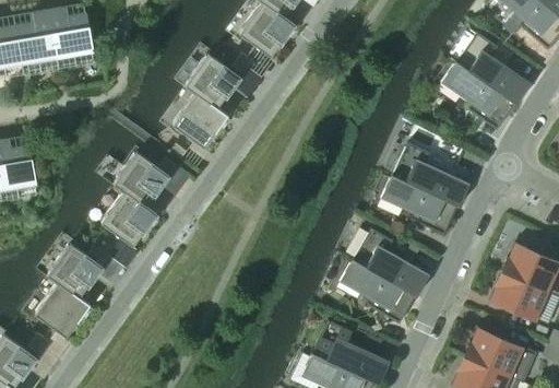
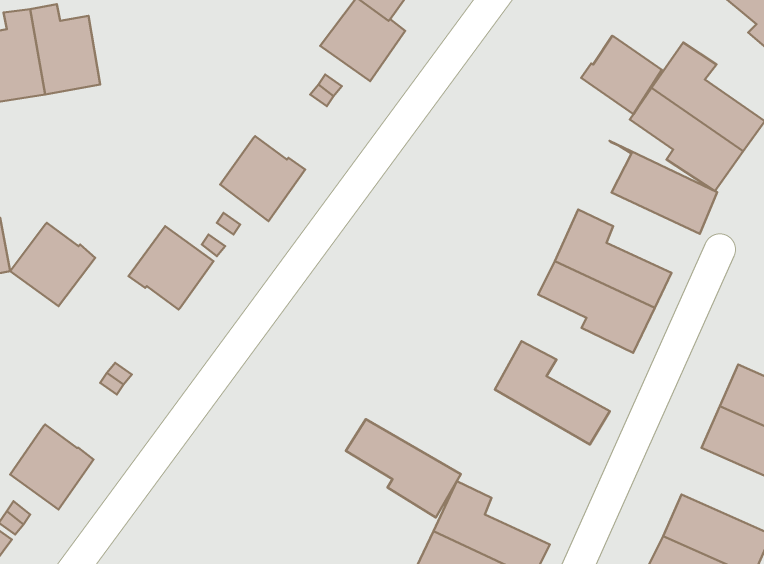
building: none -> [581,36,662,114]
building: [186,54,241,108] -> none
building: none -> [610,141,717,234]
building: [102,191,157,246] -> [10,223,95,306]
building: [47,243,103,297] -> none
building: [341,259,416,324] -> [346,419,461,517]

